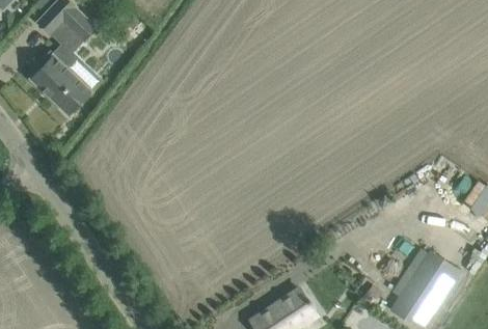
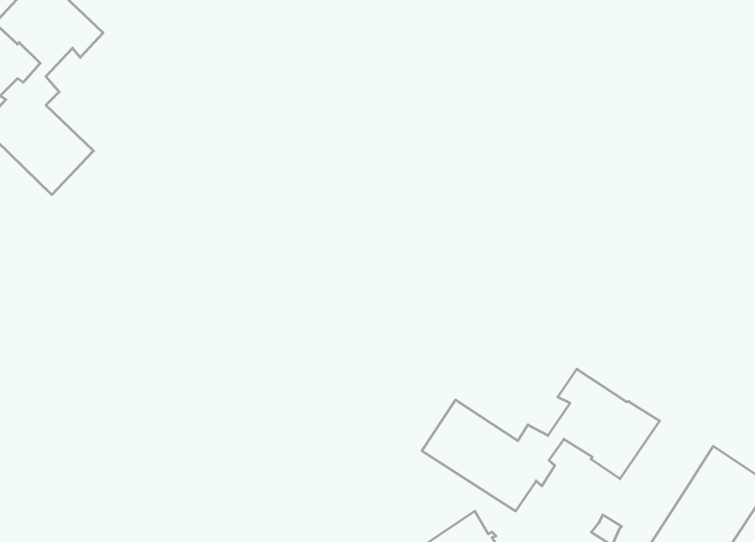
building: none -> [422,369,660,511]

